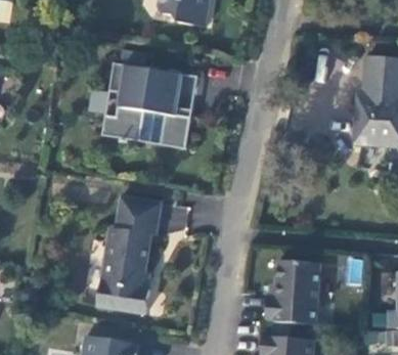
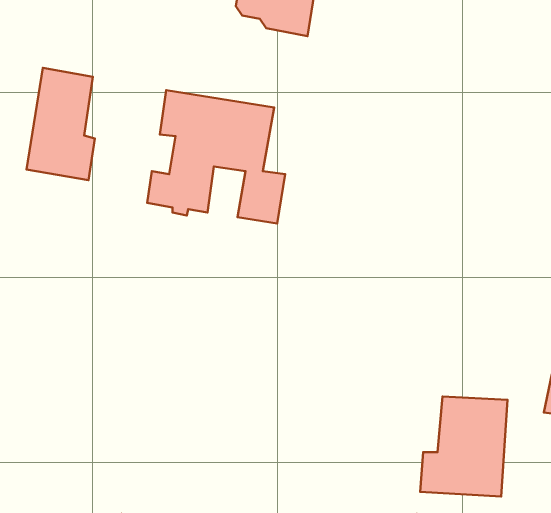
building: none -> [26,68,95,180]
building: [93,195,157,313] -> none

